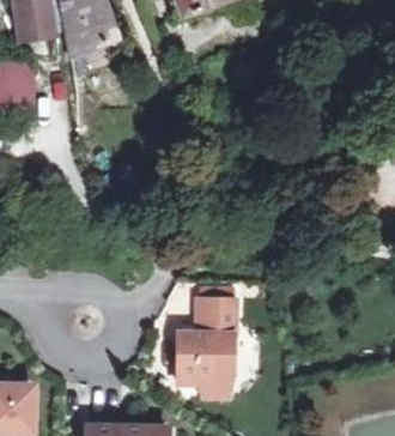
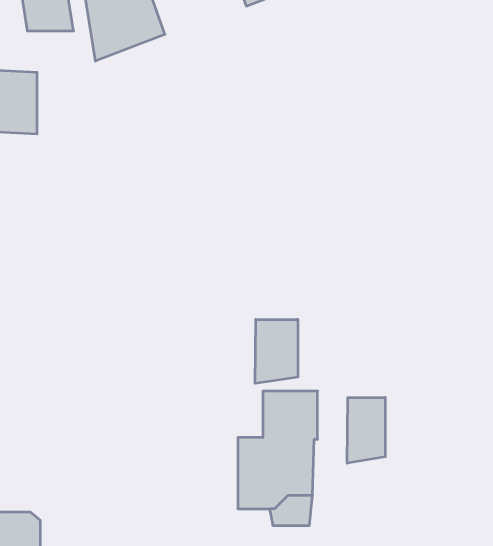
building: none -> [255,319,298,383]
building: none -> [347,397,385,463]

